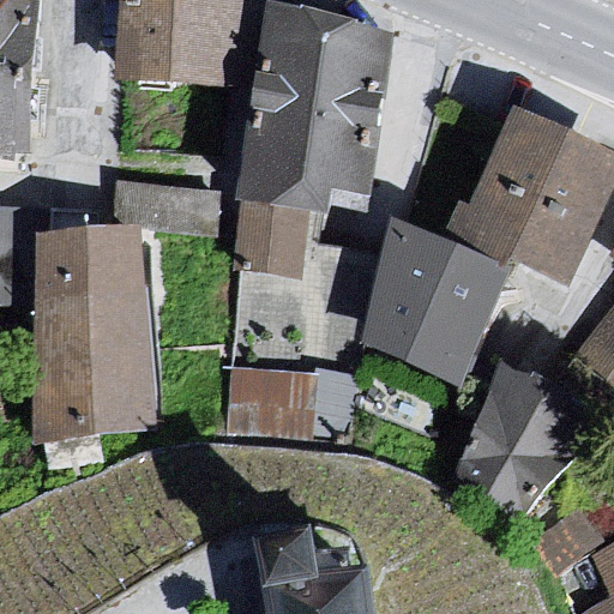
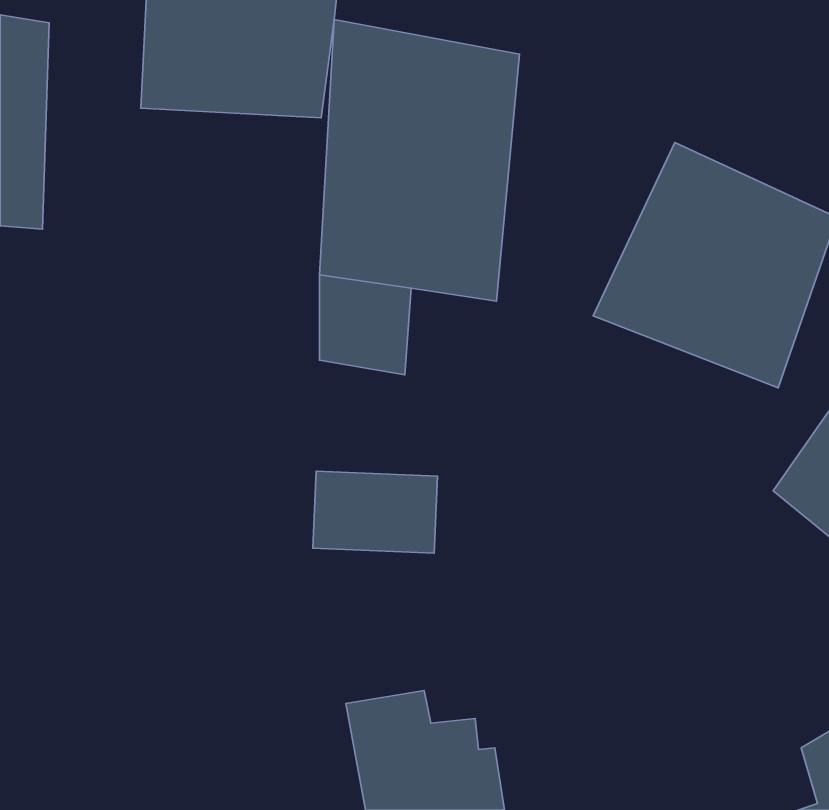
building: [369,224,496,391] -> none
building: [40,233,161,427] -> none
building: [443,366,601,535] -> none

